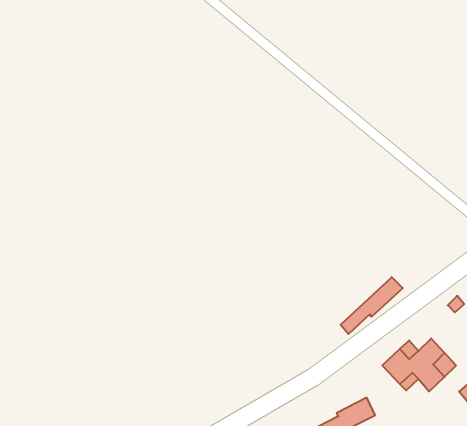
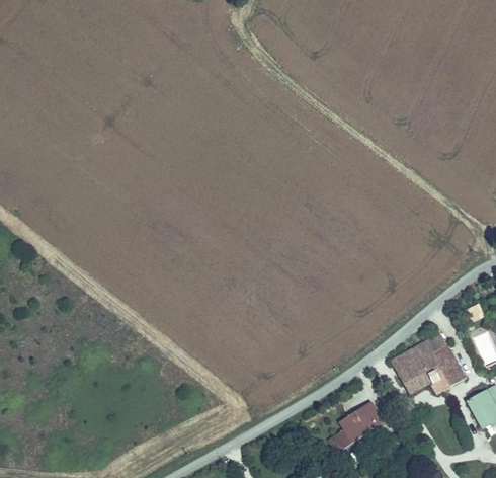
building: [341,277,403,334] -> none

